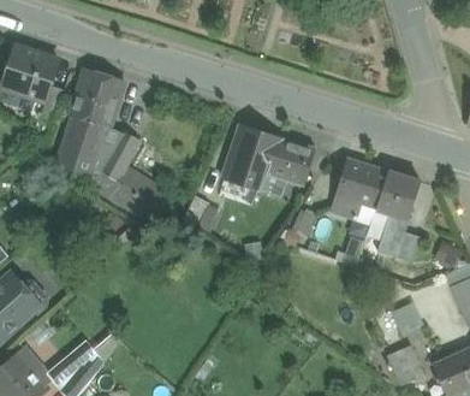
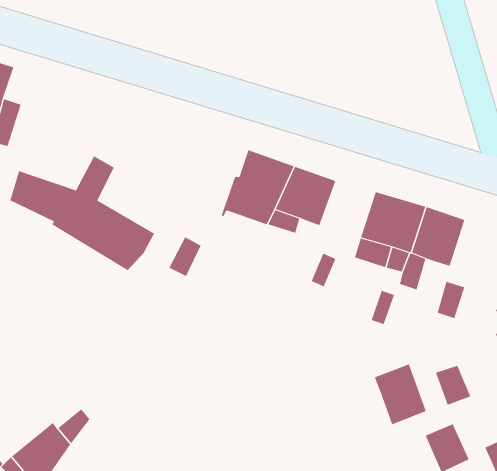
building: [61,67,123,158] -> none
building: [376,213,407,256] -> none
building: none -> [375,363,426,425]

